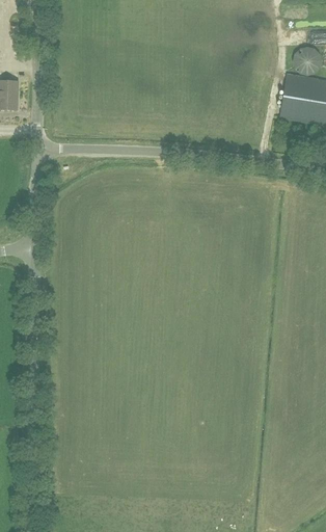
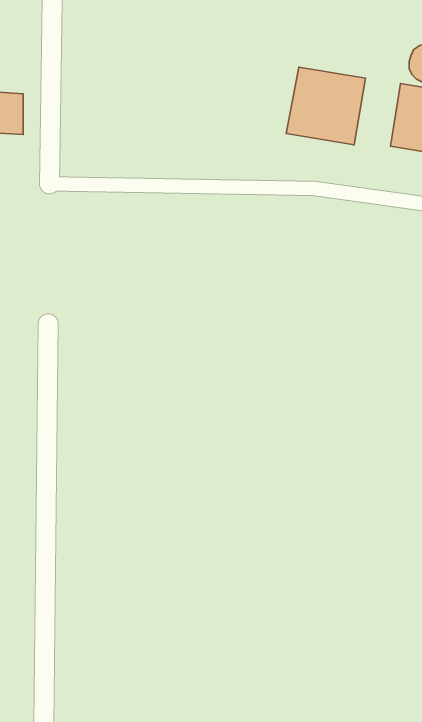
building: none -> [286,67,365,145]

